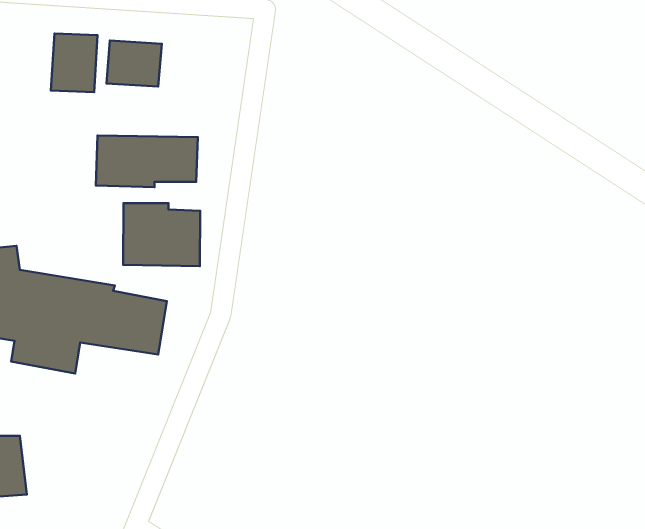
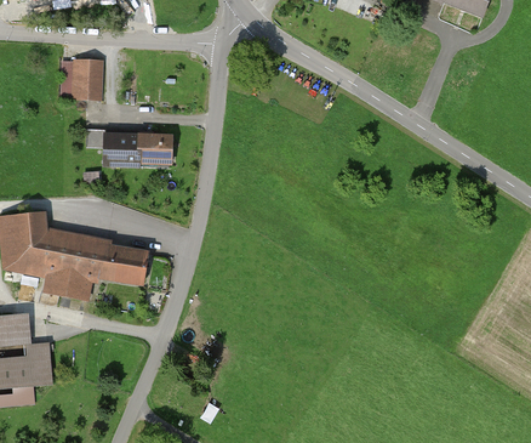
building: [106,41,162,87] -> none
building: [123,203,200,266] -> none

